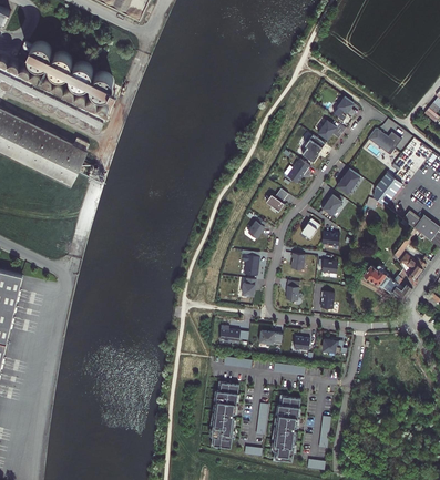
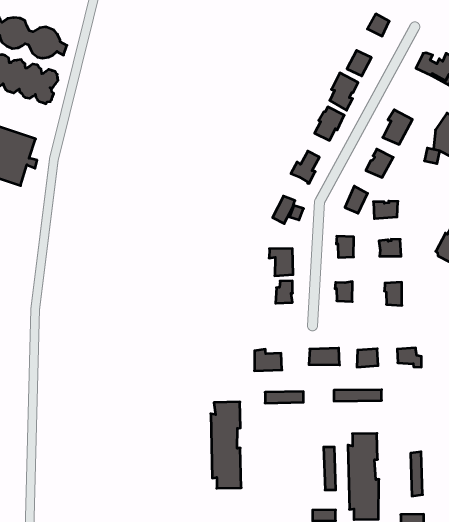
building: [212,382,239,447] -> [211,402,241,488]

